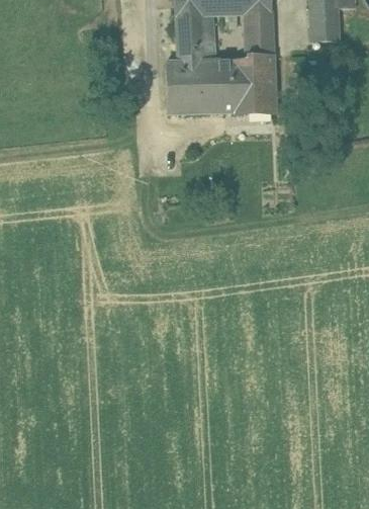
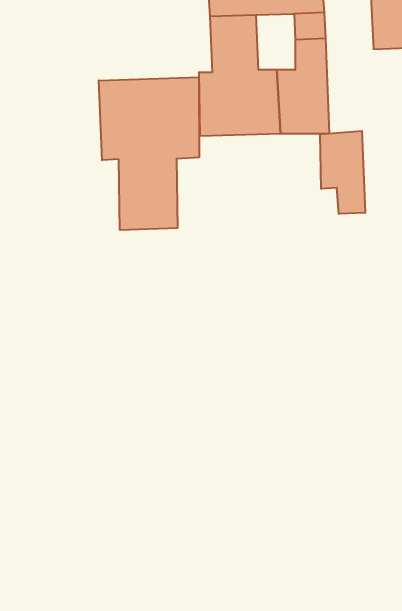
building: none -> [99,77,199,230]
building: none -> [320,131,365,214]

